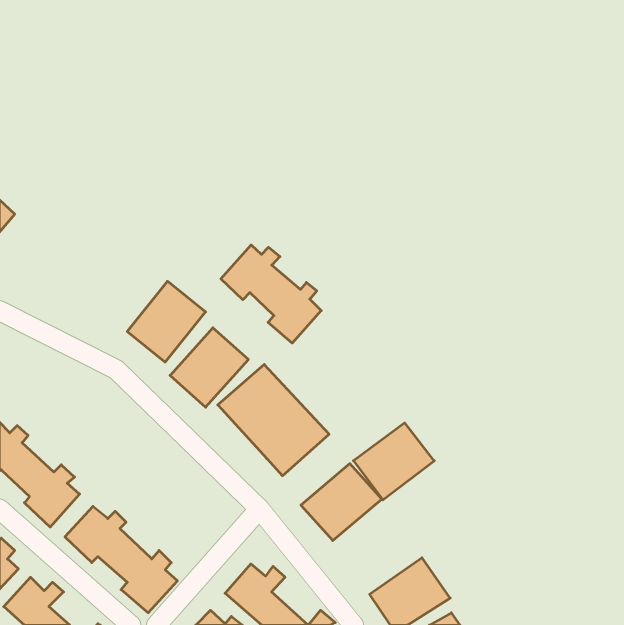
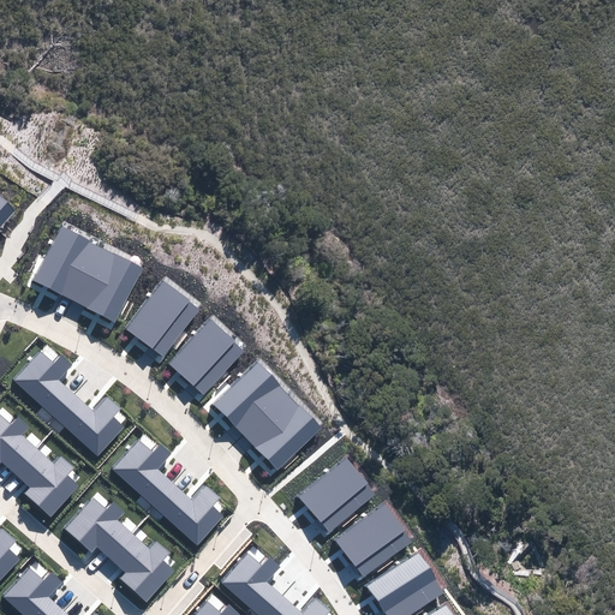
building: none -> [35,222,147,318]
building: [221,245,321,343] -> none
building: none -> [13,351,124,456]
building: [353,423,434,500] -> [332,501,411,577]
building: none -> [112,440,222,545]

